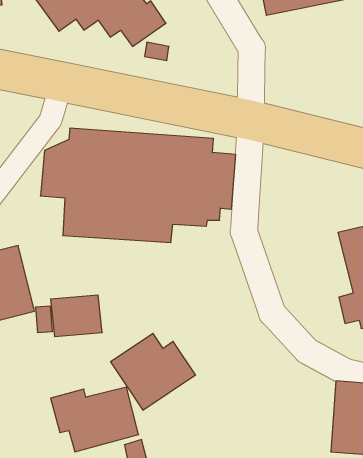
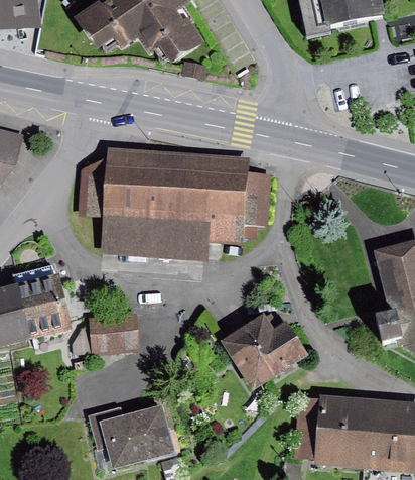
building: [111,333,196,410] -> [222,313,306,389]
building: none -> [293,394,372,469]

